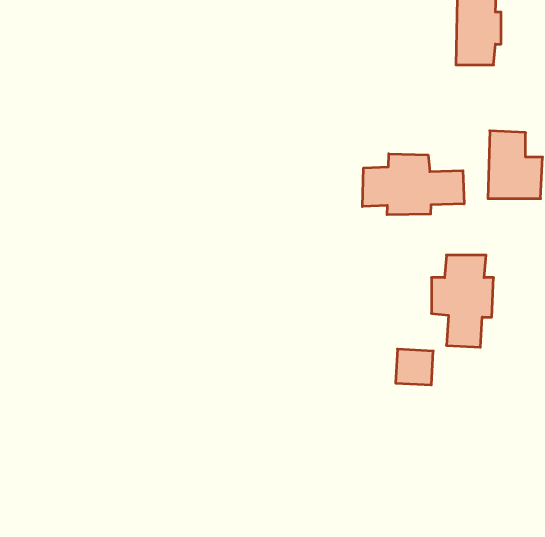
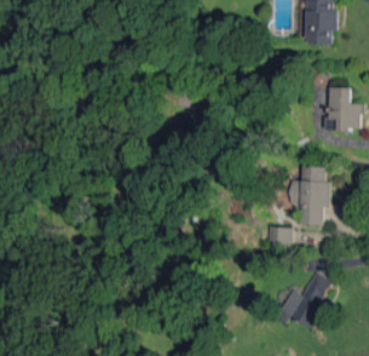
building: [362,154,464,215] -> none
building: none -> [275,271,330,328]

